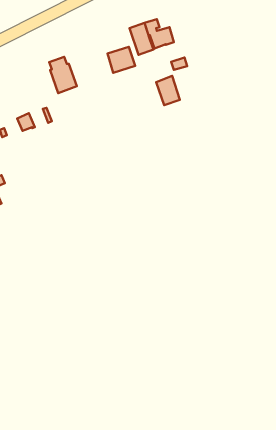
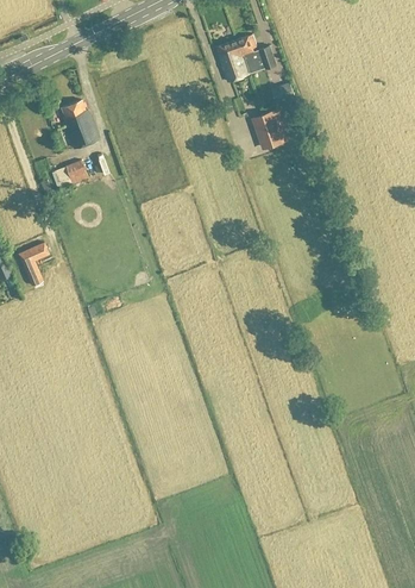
building: [108,47,135,73] -> none
building: [49,57,77,93] -> [62,100,99,149]

